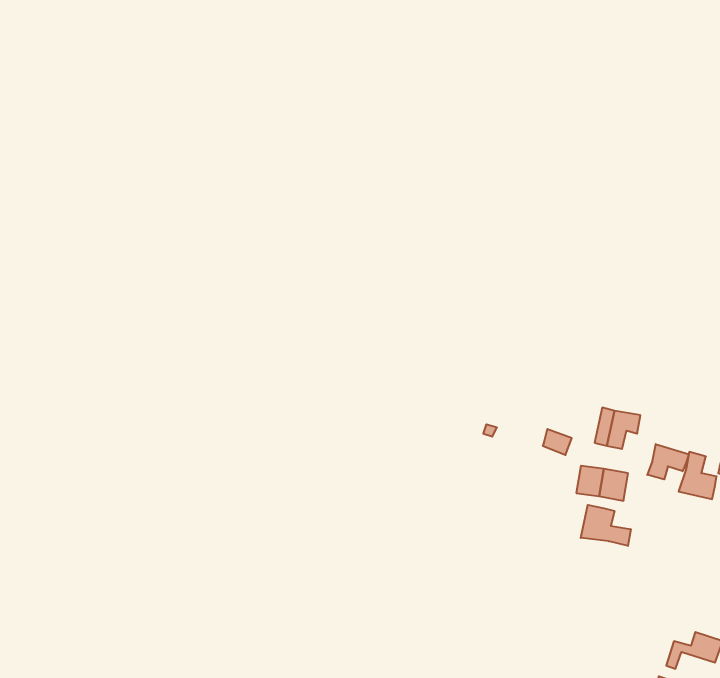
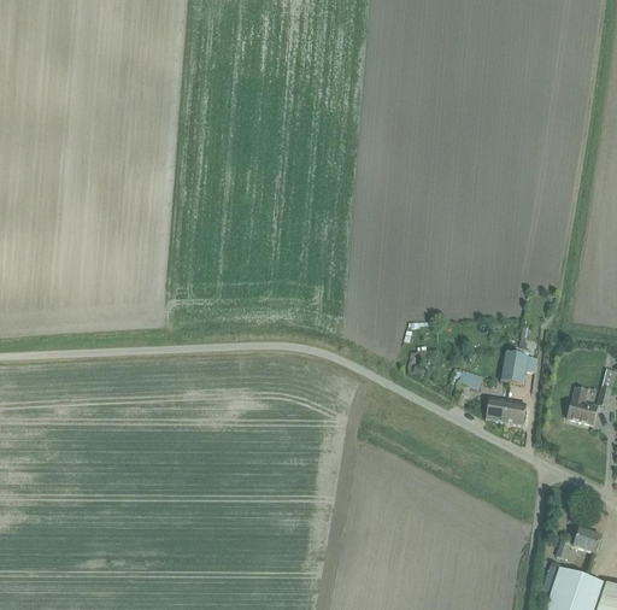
building: [647,444,689,479] -> none
building: [581,505,631,546] -> none

